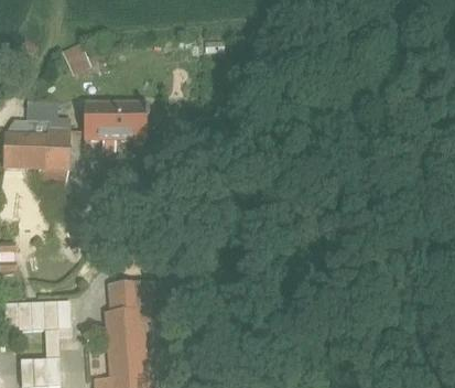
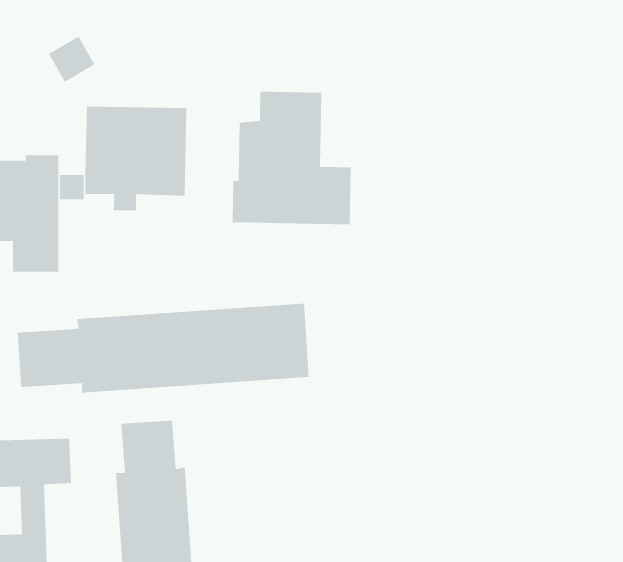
building: none -> [232,91,351,225]
building: none -> [17,303,309,393]

